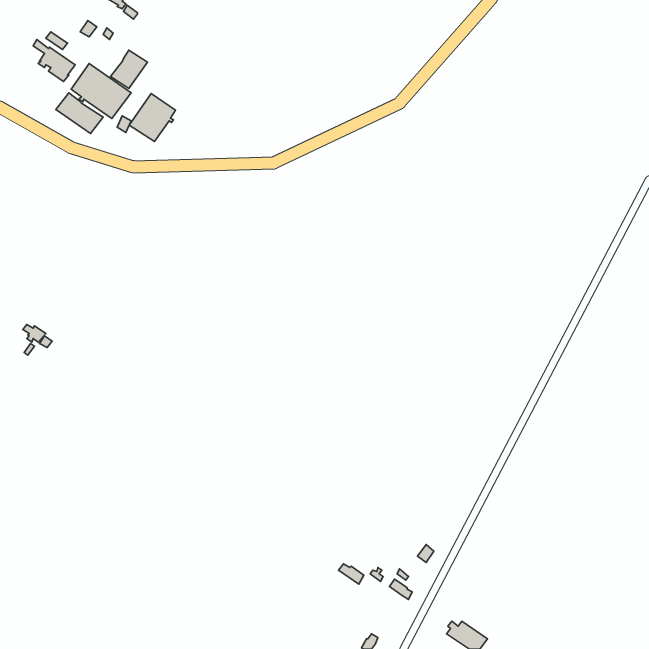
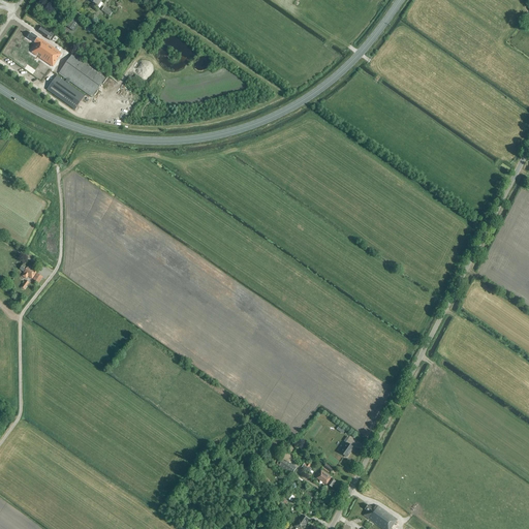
building: [110,50,147,89] -> none
building: [129,93,176,142] -> none

